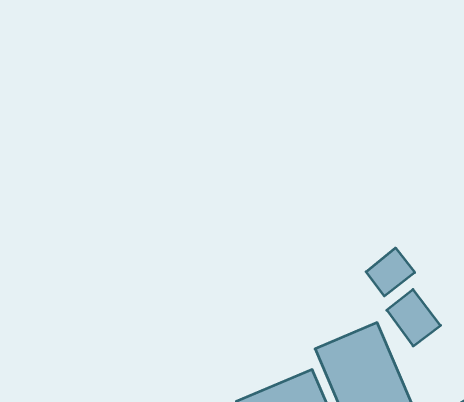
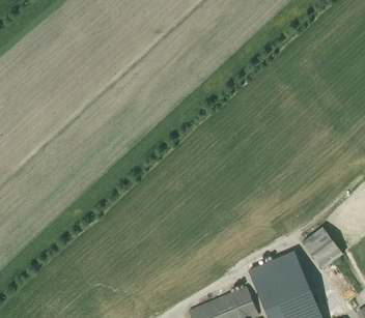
building: [366,248,415,296] -> none

